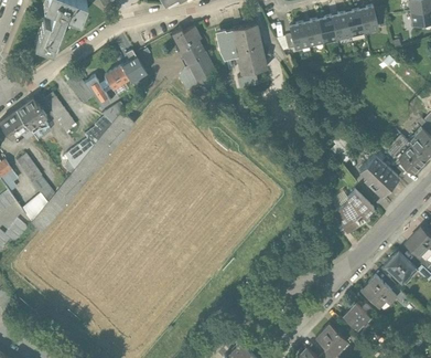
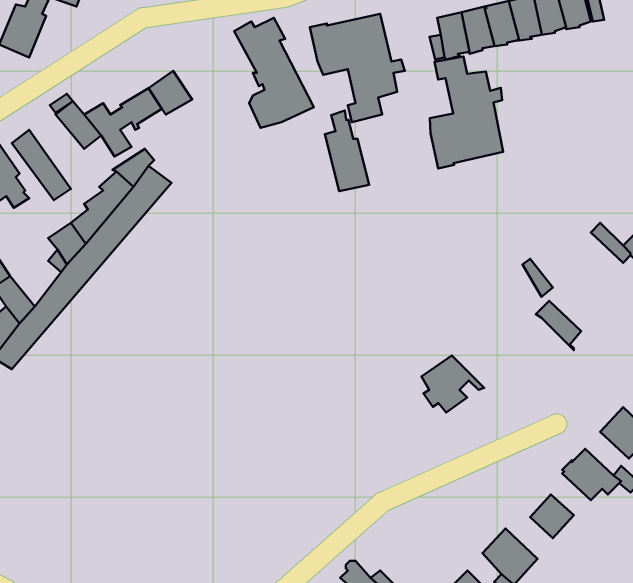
building: none -> [430,56,503,168]
building: none -> [325,110,369,191]
building: [360,154,399,196] -> none
building: [333,200,369,233] -> [422,356,484,413]

